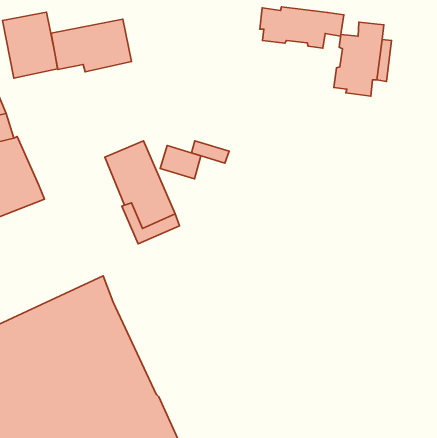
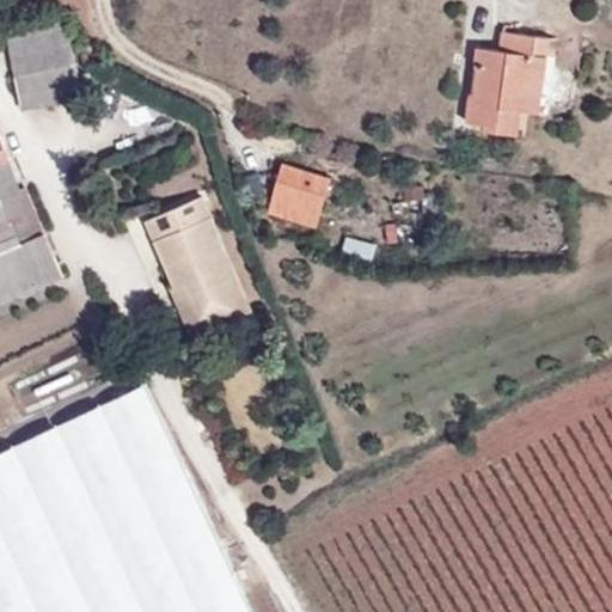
building: [260,7,344,48] -> none
building: [51,19,132,72] -> none
building: [160,145,201,179] -> [271,165,328,212]

